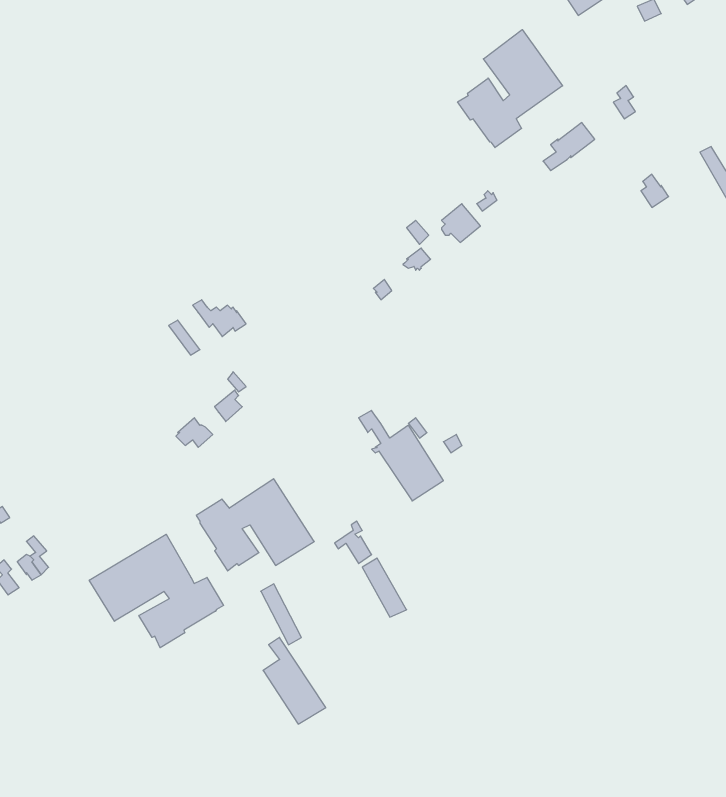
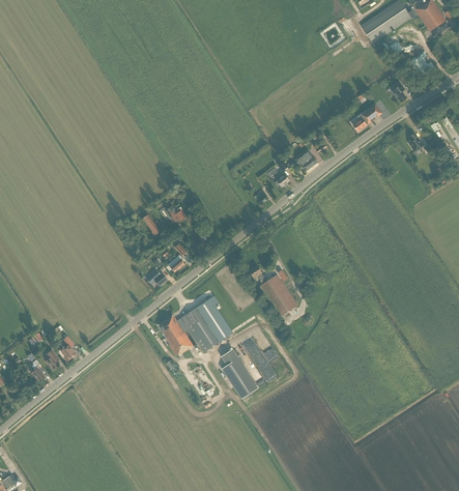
building: [458,30,563,148] -> none
building: [89,534,224,648] -> none
building: [263,637,326,724] -> [223,349,258,398]

